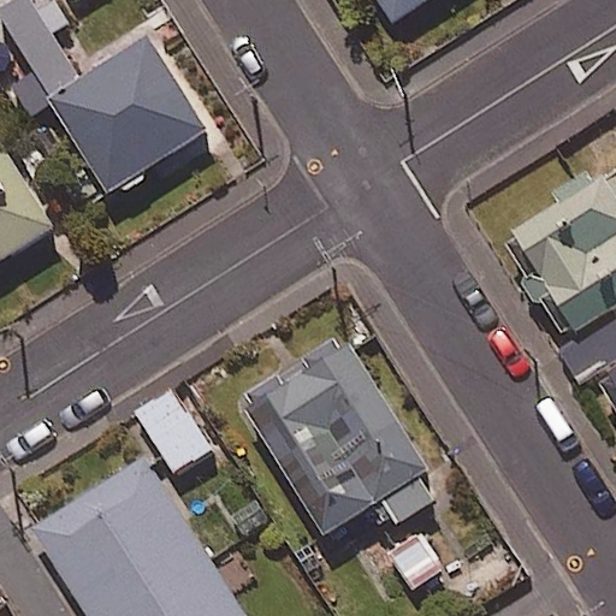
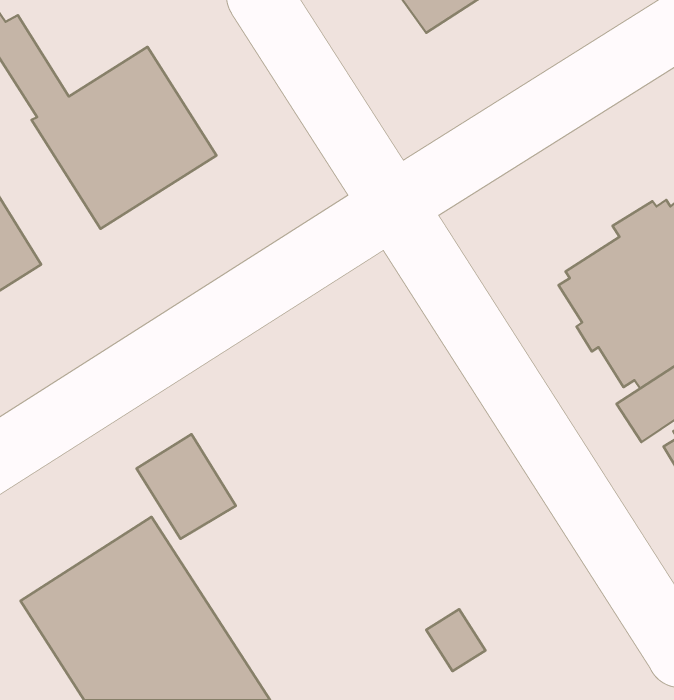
building: [247,336,449,534] -> none

